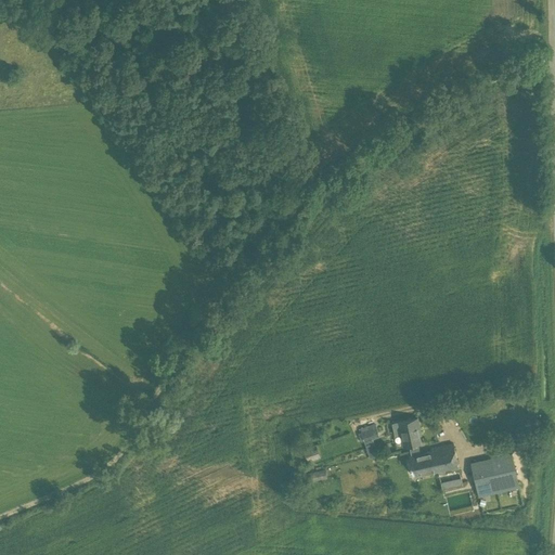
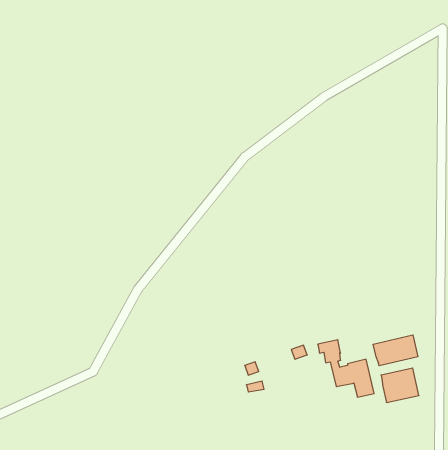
building: none -> [373,335,418,366]

